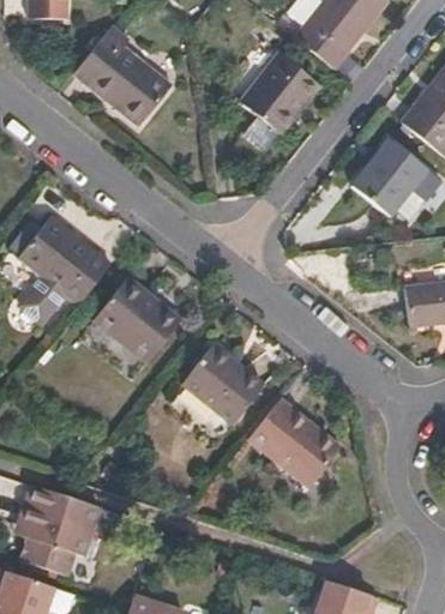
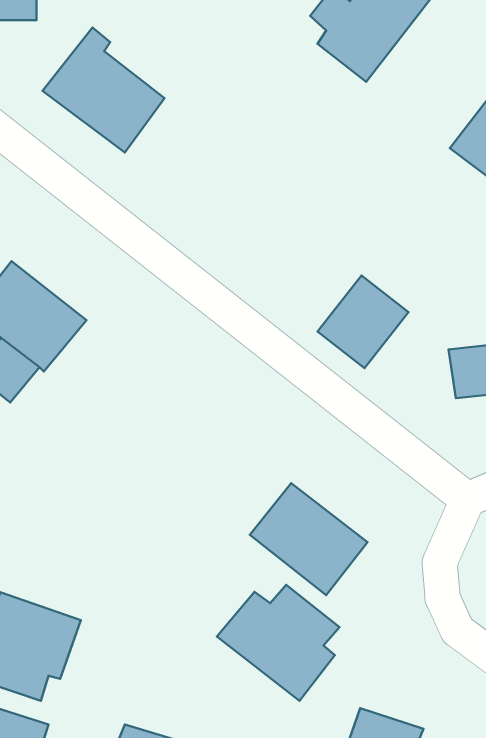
building: [241,53,321,152] -> none
building: [354,142,428,217] -> [317,276,409,368]
building: [90,273,178,360] -> none
building: [175,343,259,422] -> none
building: none -> [217,585,340,701]

